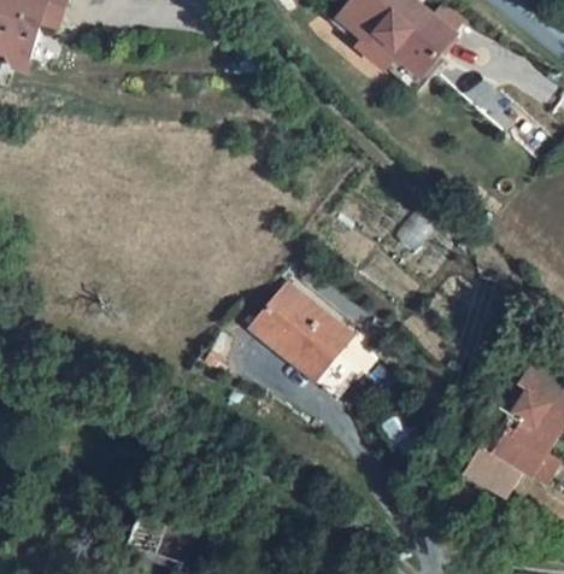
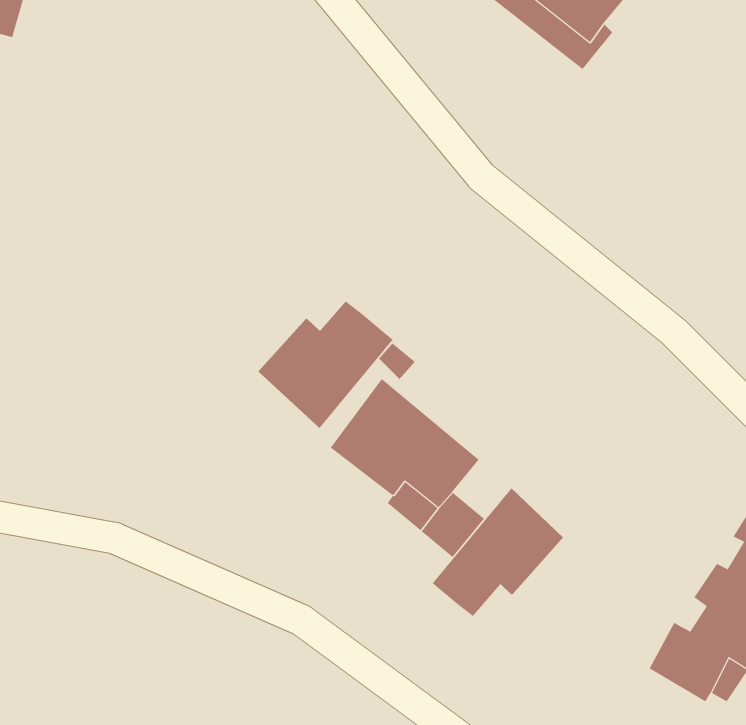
building: none -> [257,301,394,429]
building: none -> [432,487,564,617]

